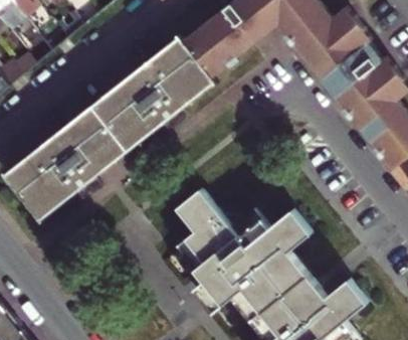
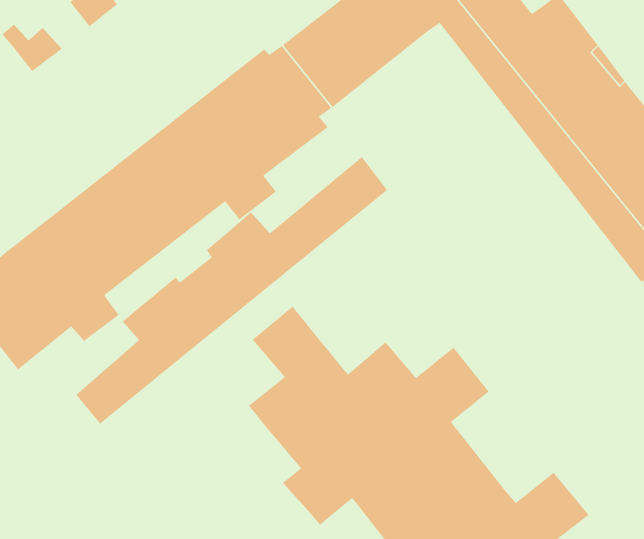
building: none -> [75,156,389,424]

